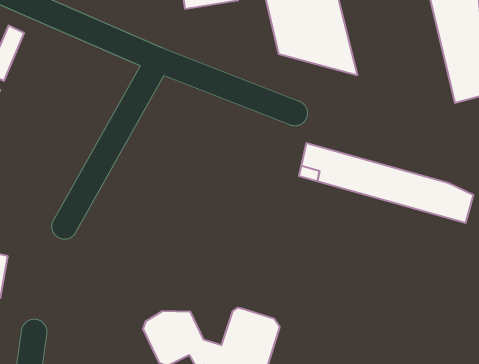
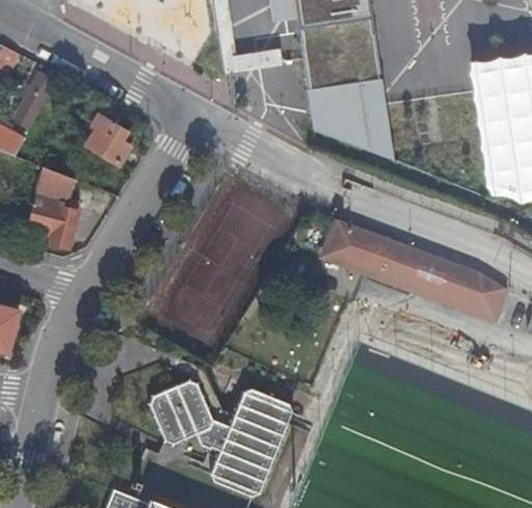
building: none -> [84,114,128,164]
building: none -> [25,169,77,249]

